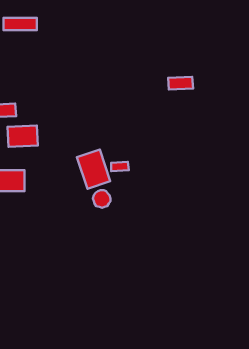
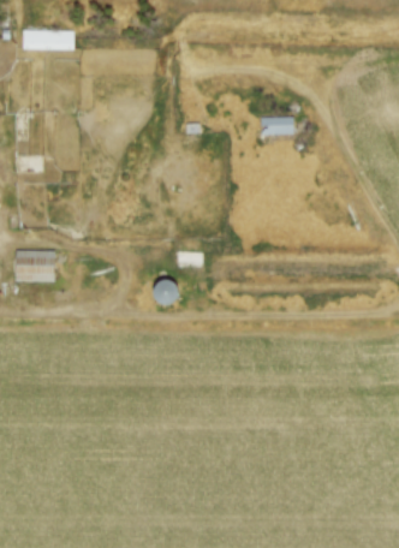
building: [7,126,38,147] -> none
building: [77,150,110,189] -> none

